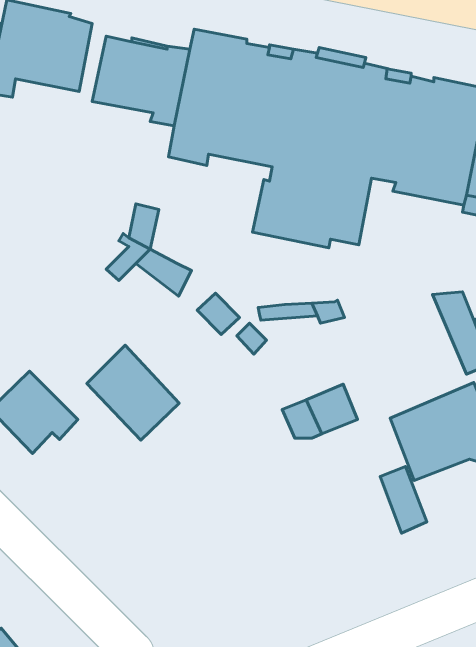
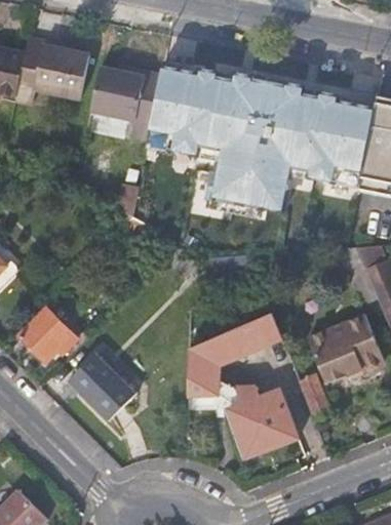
building: [87,345,179,440] -> [70,351,136,419]
building: none -> [189,336,298,458]

